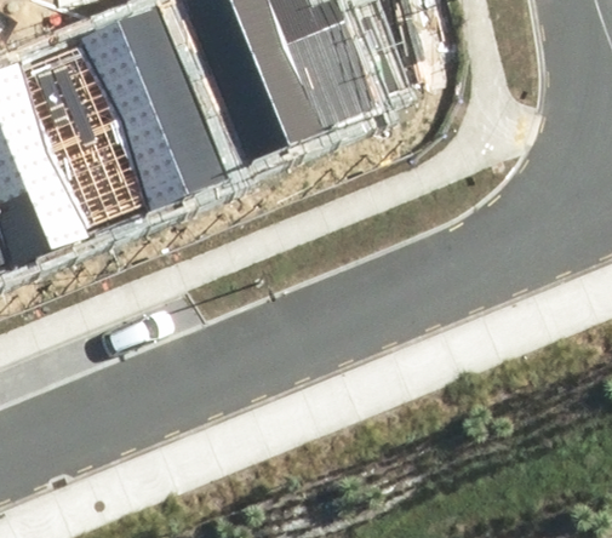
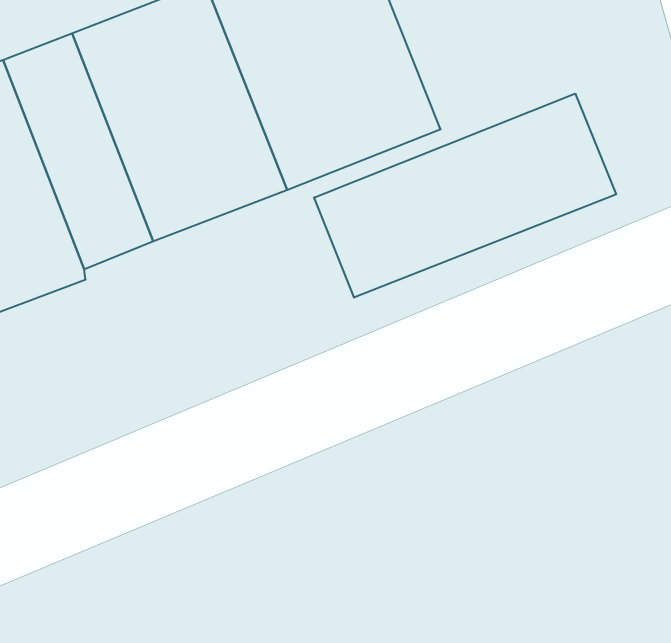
building: none -> [314,94,616,298]

